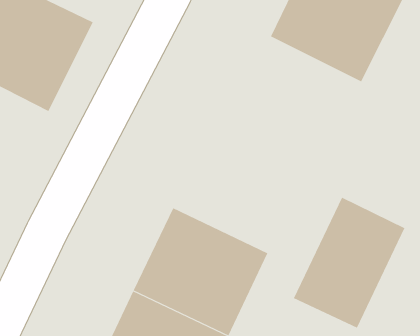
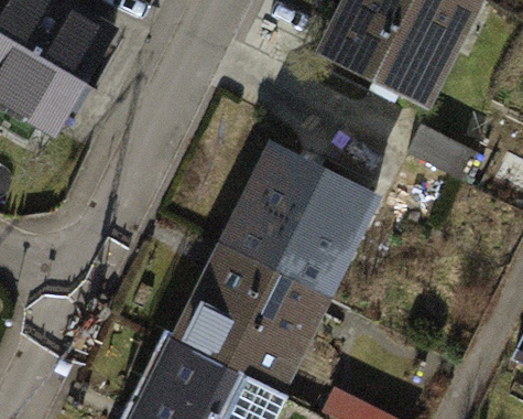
building: none -> [214,153,369,302]
building: [293,197,405,329] -> none

